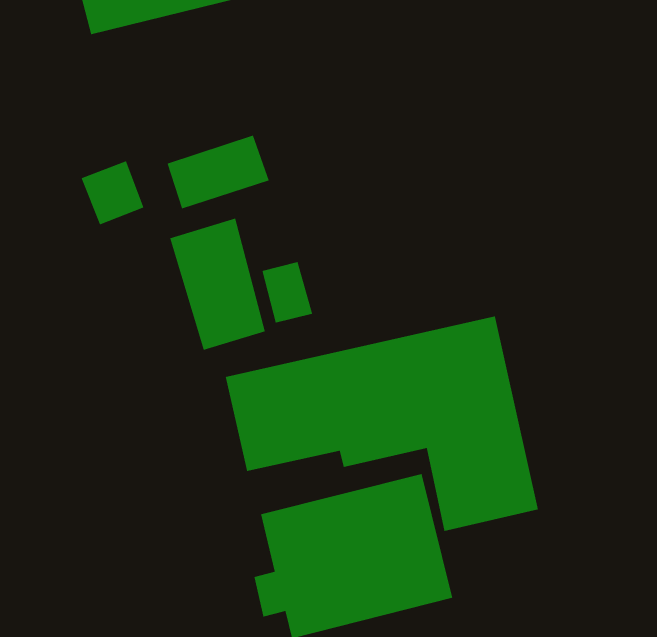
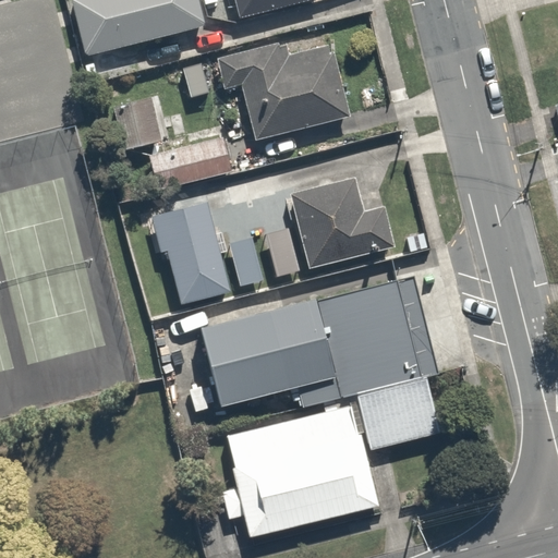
building: none -> [219,41,353,140]
building: [80,160,144,226] -> [113,97,165,149]
building: none -> [265,179,400,276]

